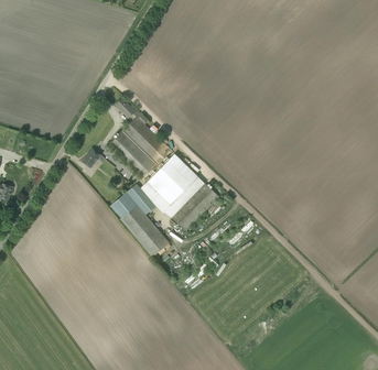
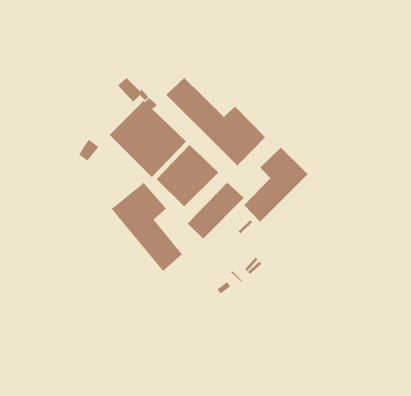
building: none -> [166,77,266,167]
building: none -> [243,147,309,223]

